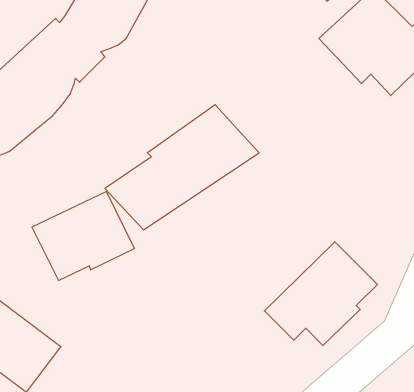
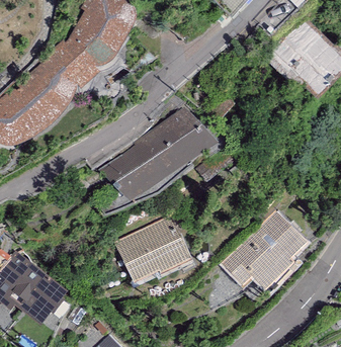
building: [32,191,134,280] -> [115,213,193,281]

